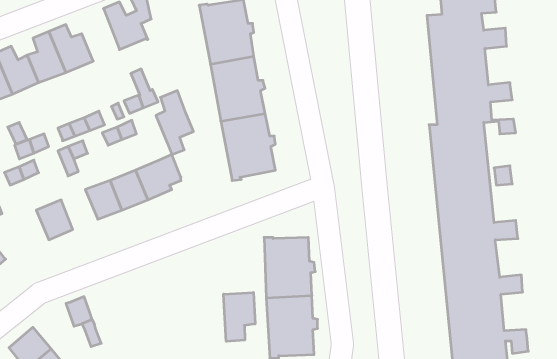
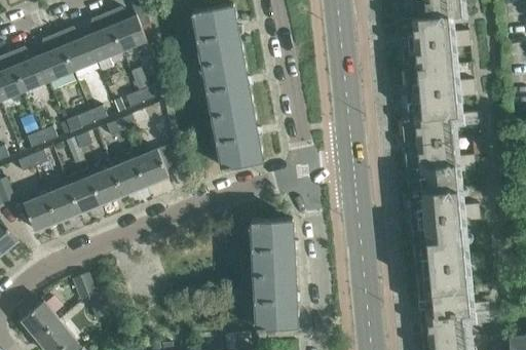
building: [156,91,193,154] -> [87,13,121,71]
building: none -> [69,177,102,212]
building: none -> [24,195,58,231]
building: [224,292,255,341] -> none

